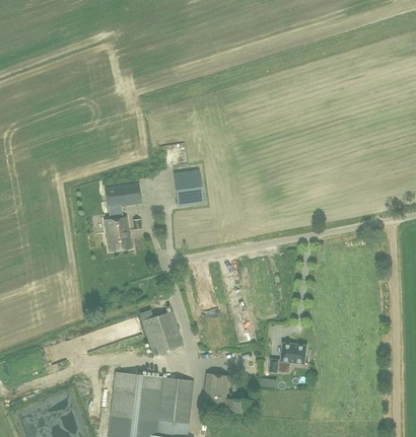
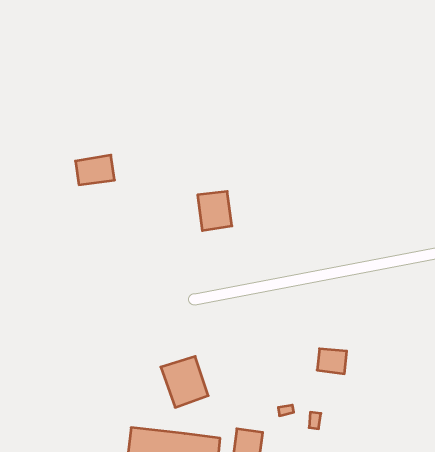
building: [108,183,141,208] -> [75,155,115,185]
building: [105,217,132,252] -> none
building: [281,343,306,364] -> [317,349,347,374]

